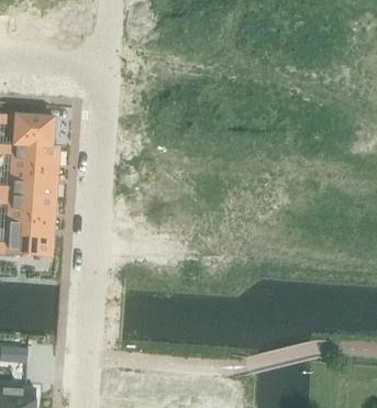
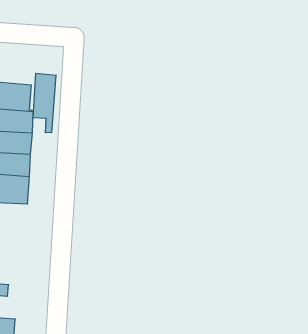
building: none -> [33,73,56,133]

